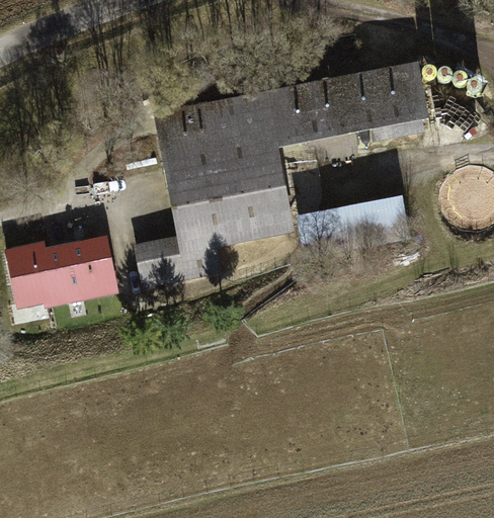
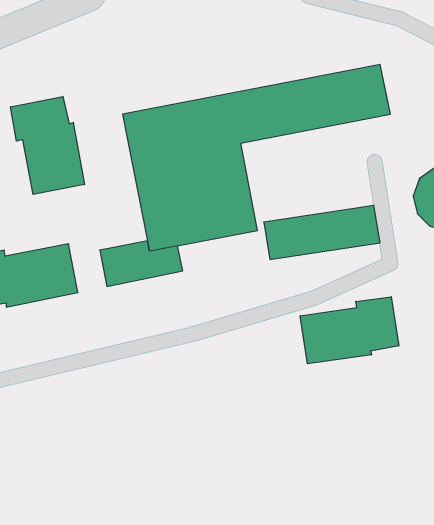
building: none -> [11,96,84,194]
building: none -> [300,297,399,364]

